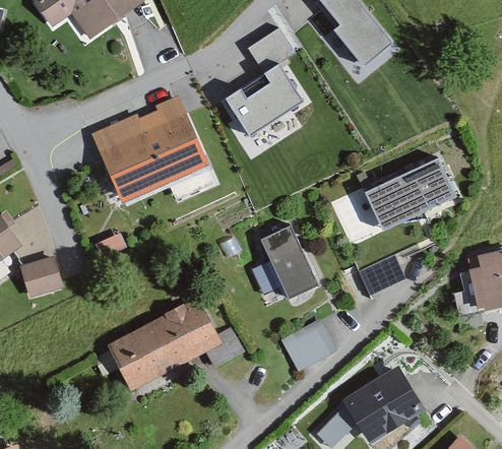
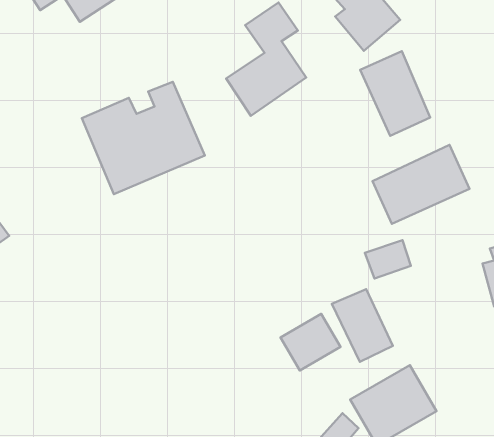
building: none -> [360,51,430,136]
building: [259,228,317,297] -> [332,289,393,362]
building: [20,257,62,296] -> none
building: [109,300,244,391] -> none

